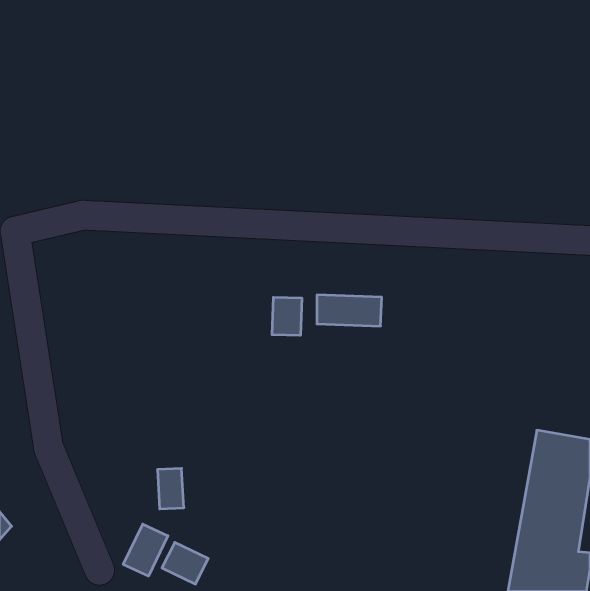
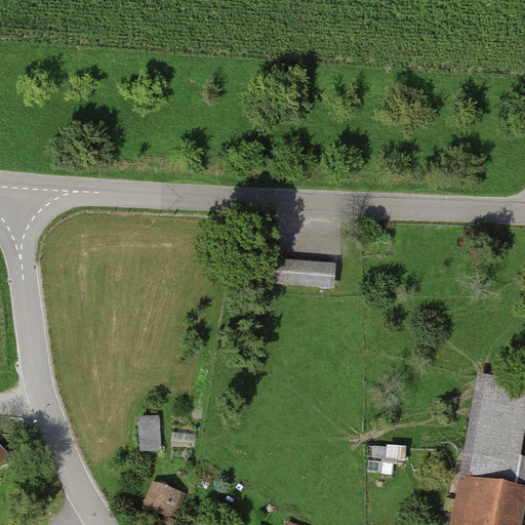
building: [272,297,302,335] -> none
building: [123,524,168,576] -> none

